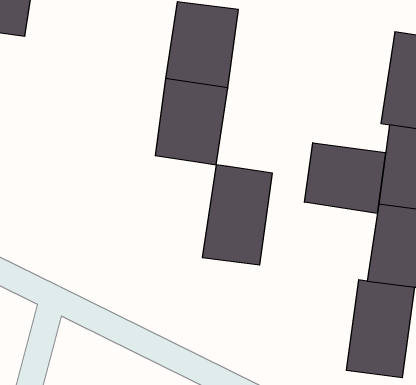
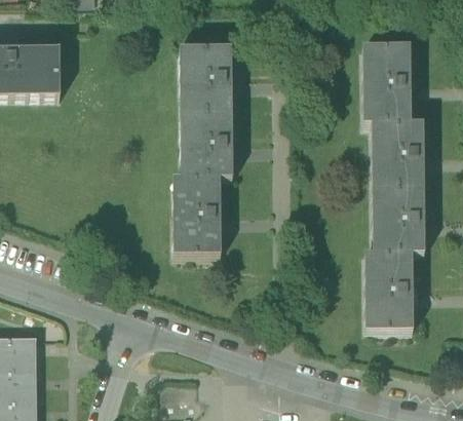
building: [305,143,386,213] -> none
building: [202,165,272,265] -> [172,183,221,261]

